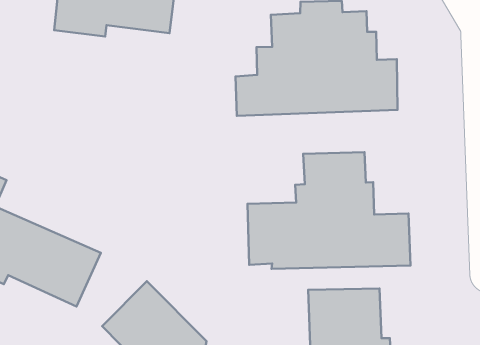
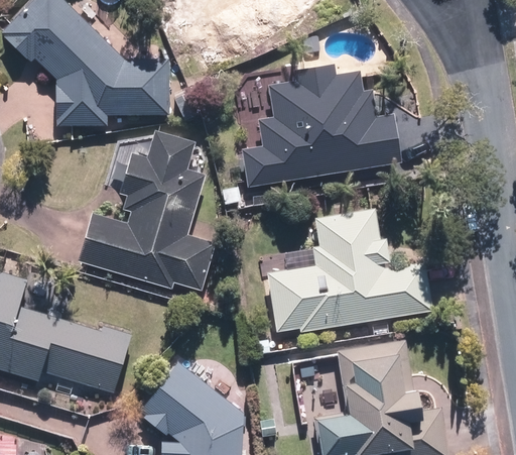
building: none -> [76,128,214,292]

